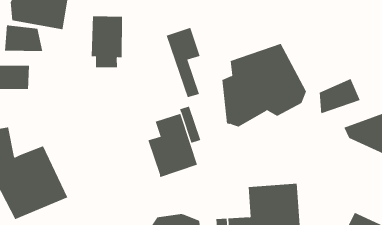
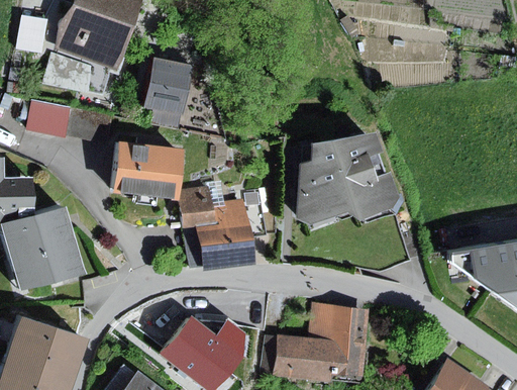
building: [166,27,201,98] -> [176,184,214,270]
building: [319,78,361,114] -> none
building: none -> [106,136,176,199]

